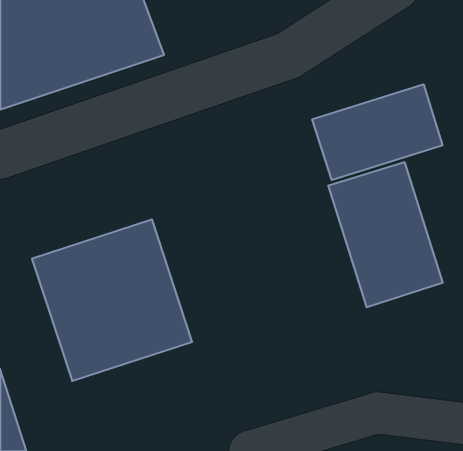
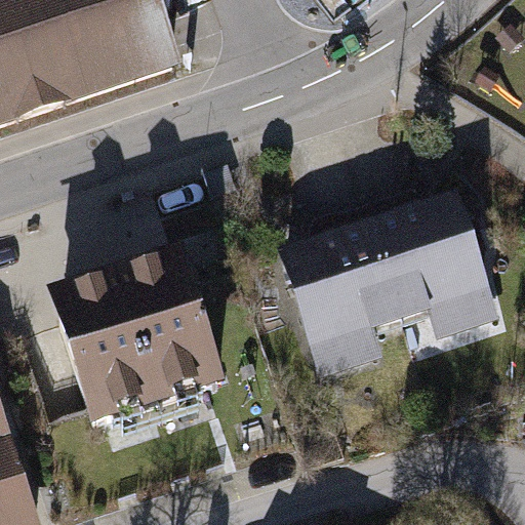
building: [312,84,442,180] -> none
building: none -> [276,209,415,376]

